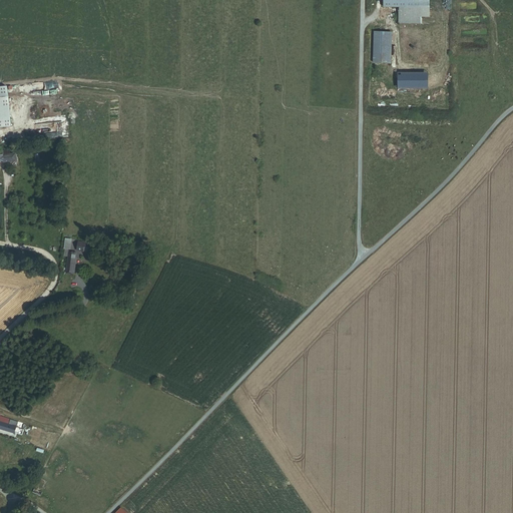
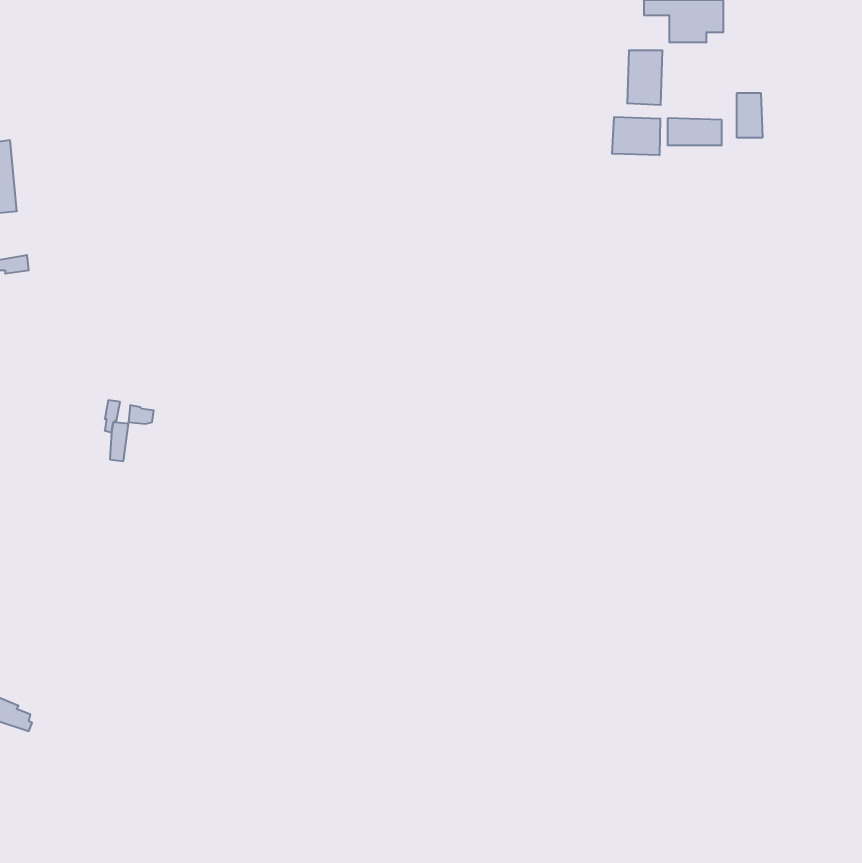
building: none -> [737,93,762,138]
building: none -> [612,117,660,155]

